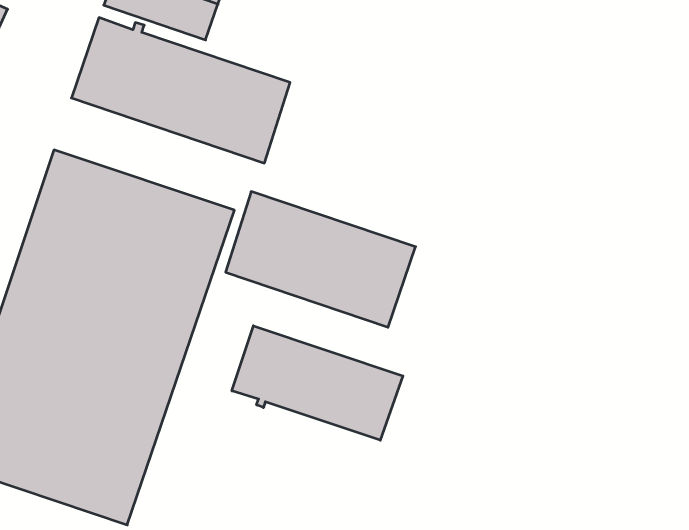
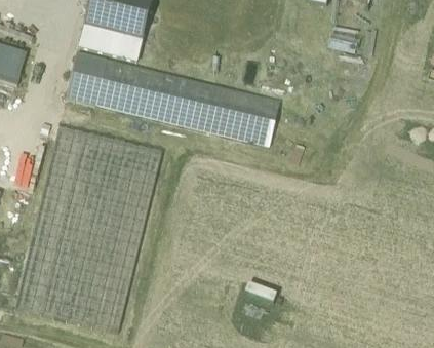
building: [226,192,416,327] -> [176,78,281,147]
building: [232,326,403,440] -> none

